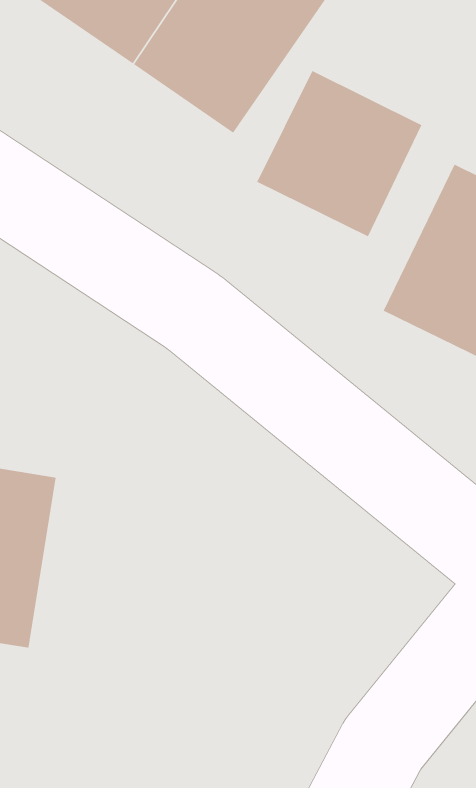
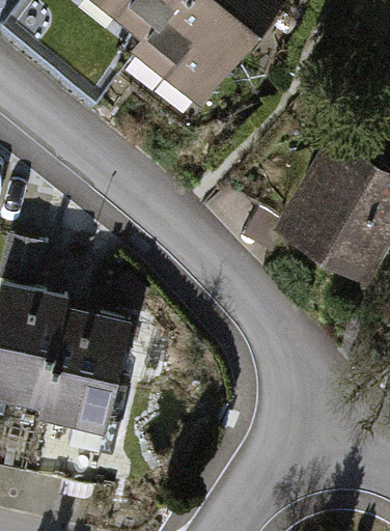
building: [256,70,422,237] -> none
building: none -> [37,309,128,430]

